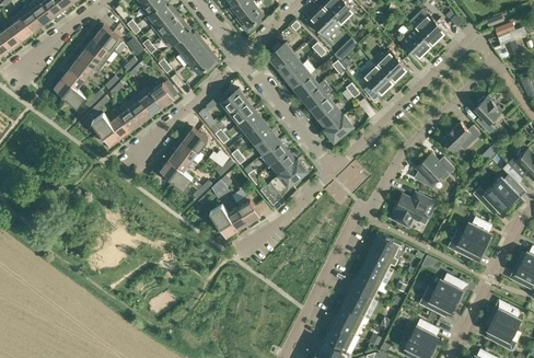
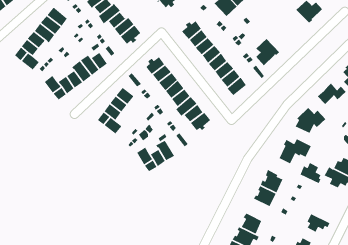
building: [400,30,431,59] -> none
building: [376,53,406,84] -> none
building: [350,272,381,300] -> none
building: [433,274,462,302] -> [299,162,322,184]

